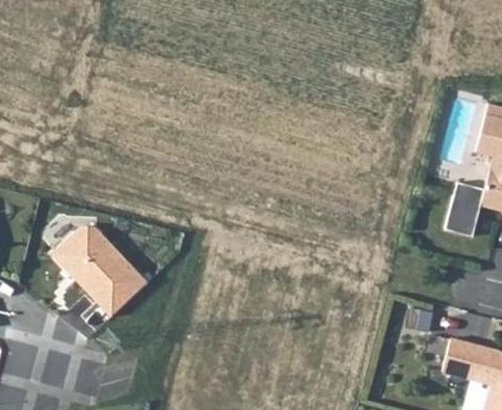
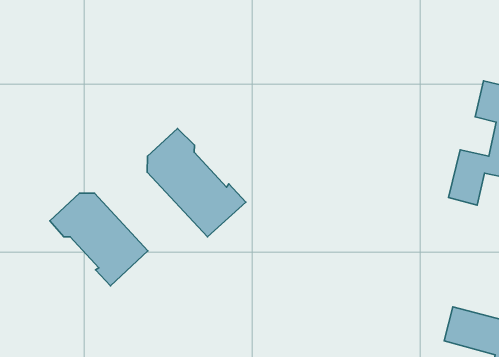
building: none -> [147,128,246,237]

